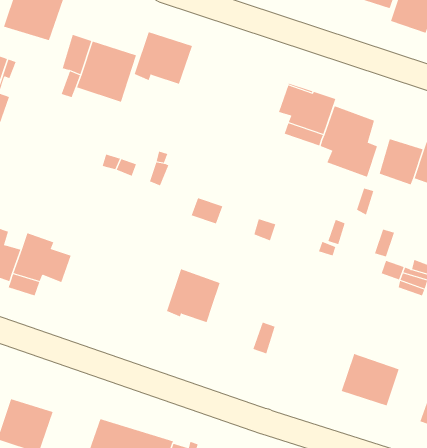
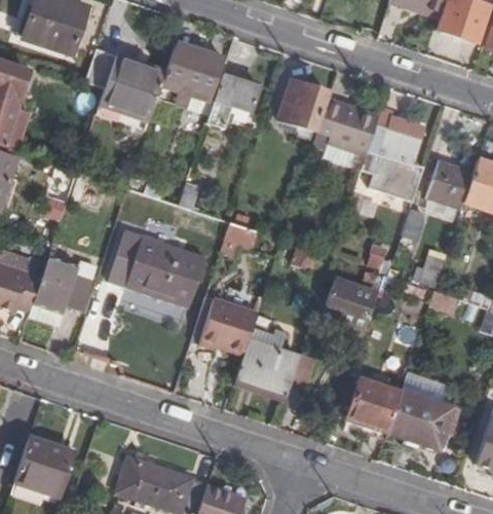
building: none -> [206,70,263,126]
building: none -> [278,77,328,128]
building: none -> [118,231,204,305]
building: none -> [326,276,378,331]
building: none -> [232,337,299,397]
building: none -> [344,376,400,433]

